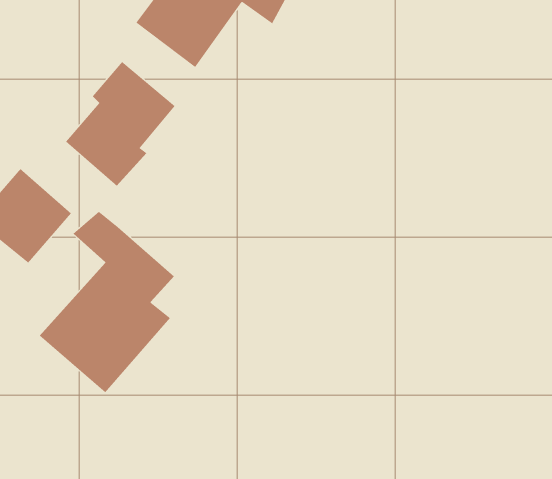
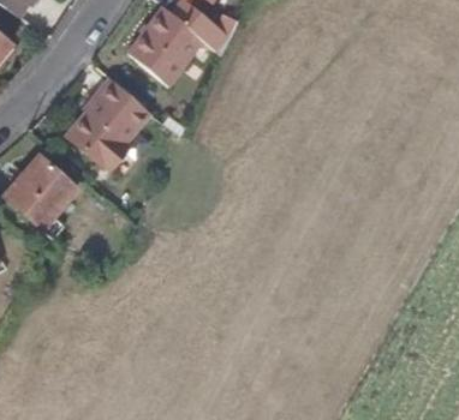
building: [39,211,175,393] -> none

